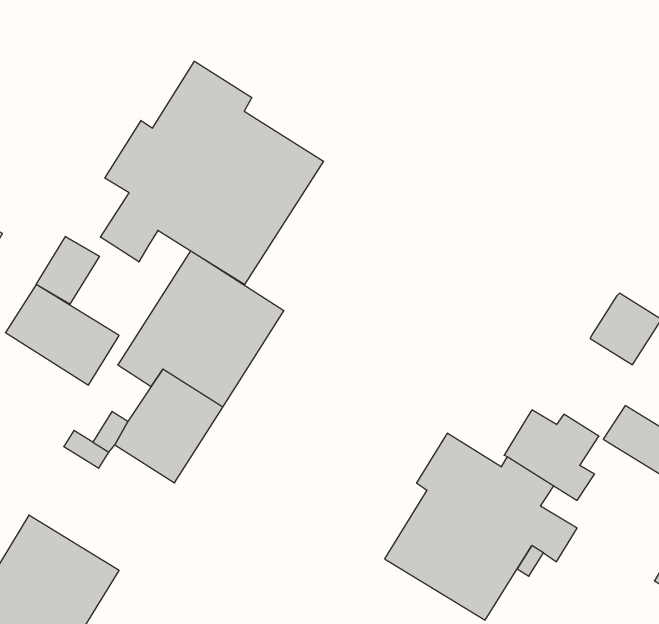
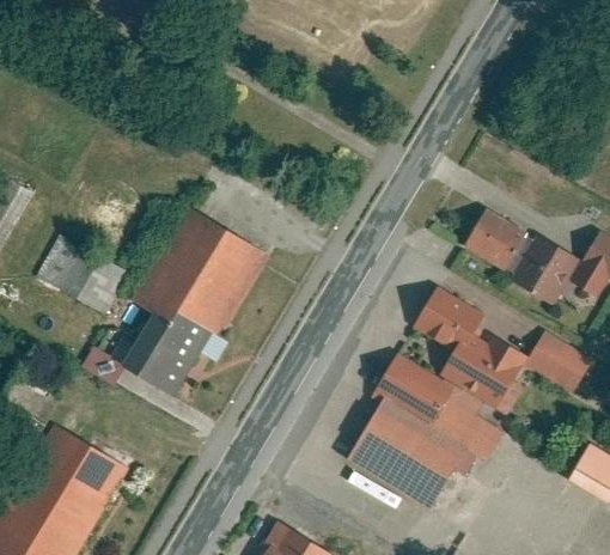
building: [100,61,324,284] -> none
building: [36,236,99,304] -> none
building: none -> [463,209,537,276]
building: none -> [414,288,481,353]

